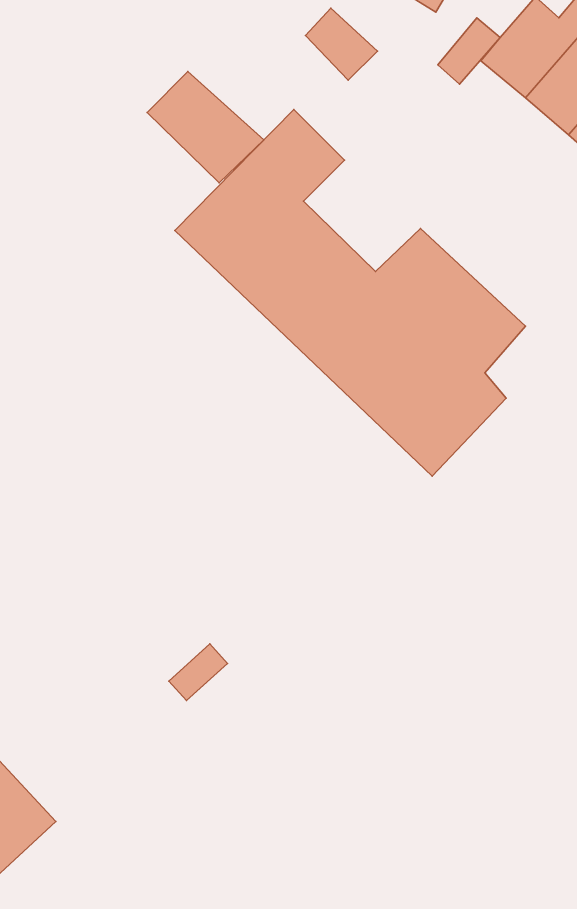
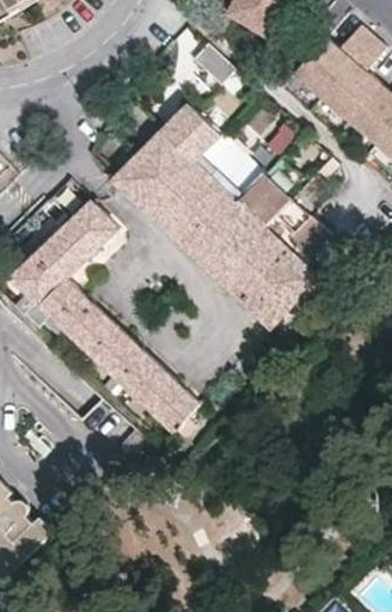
building: [147,72,264,183] -> [189,134,261,202]
building: none -> [11,201,192,430]

